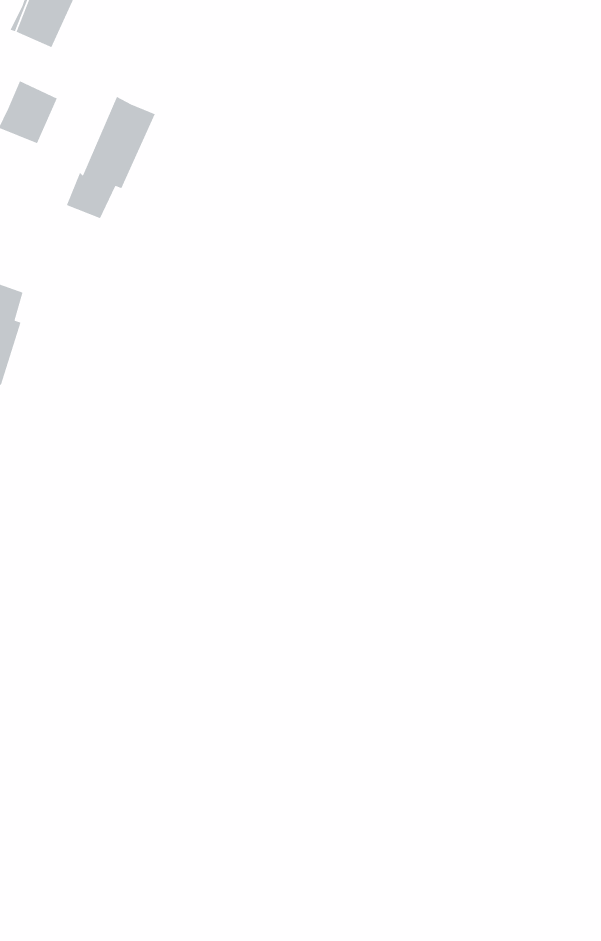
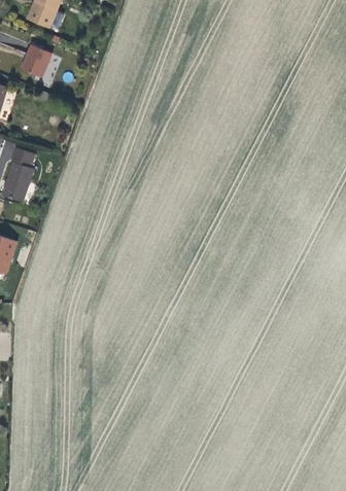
building: [66,96,156,219] -> none

